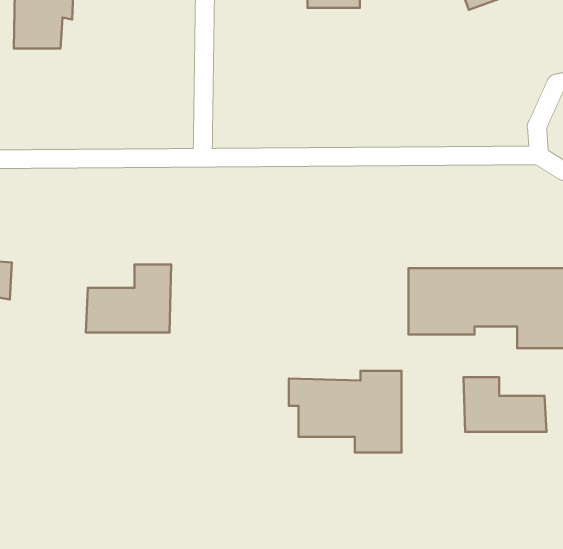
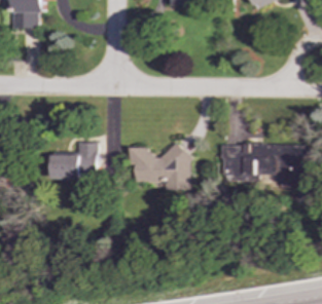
building: [289,371,401,453] -> [128,146,187,189]
building: [463,377,546,432] -> none

